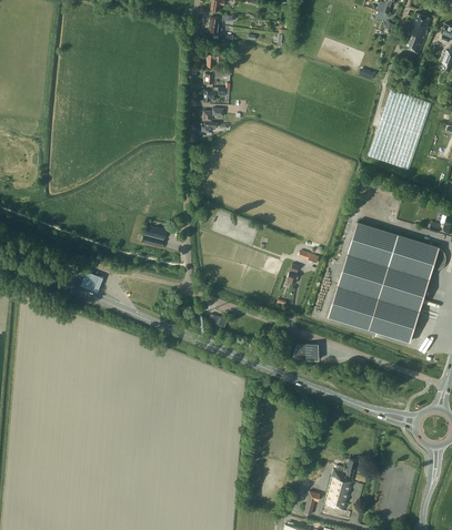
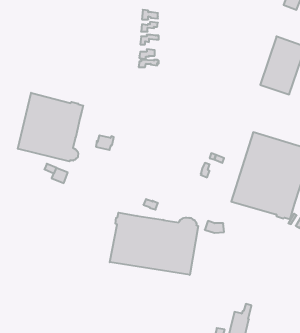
building: none -> [18,93,83,161]
building: none -> [110,213,198,275]

